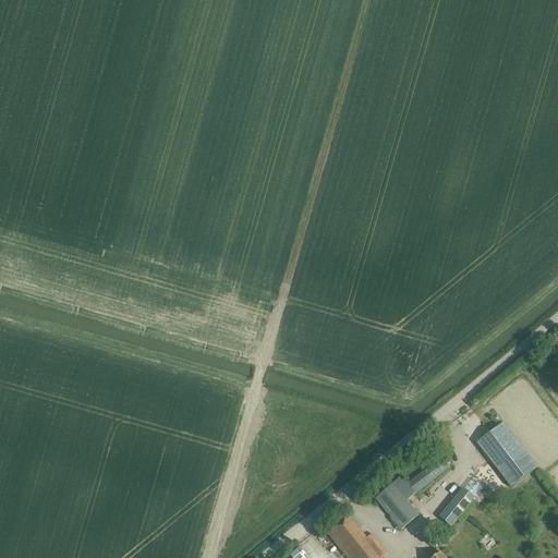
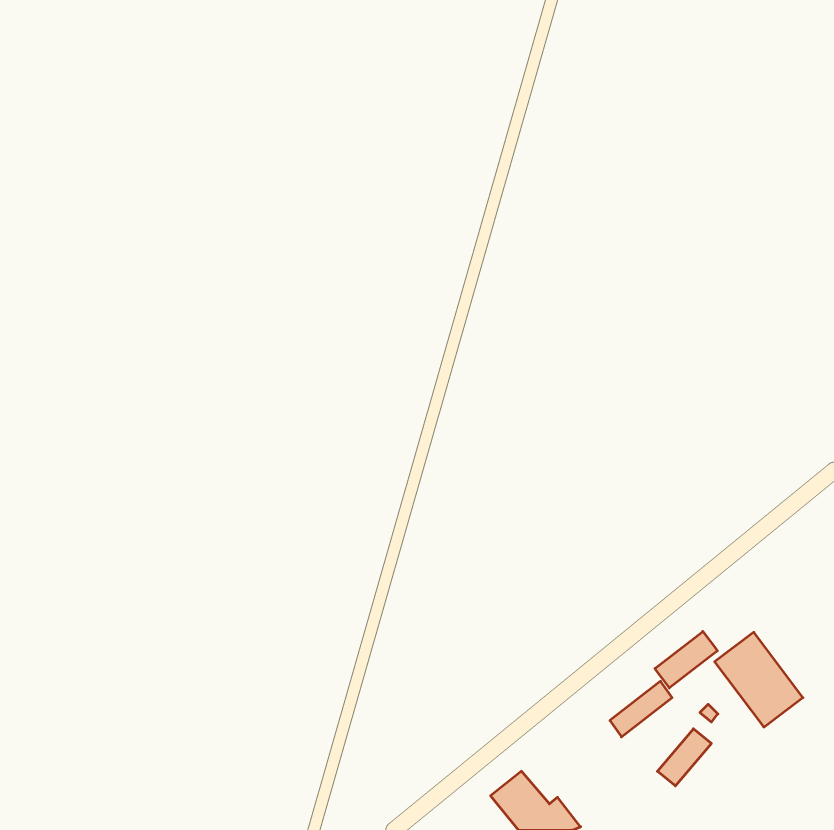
building: none -> [655,631,717,688]
building: [374,482,417,527] -> none

